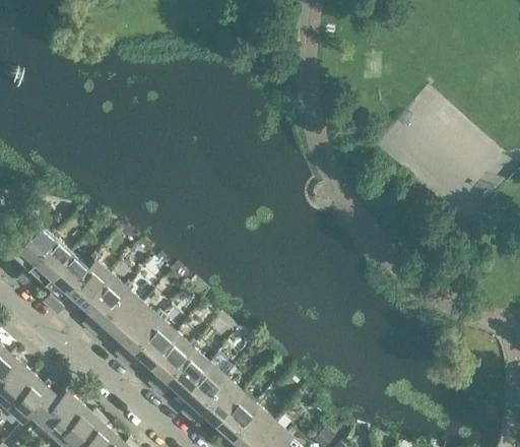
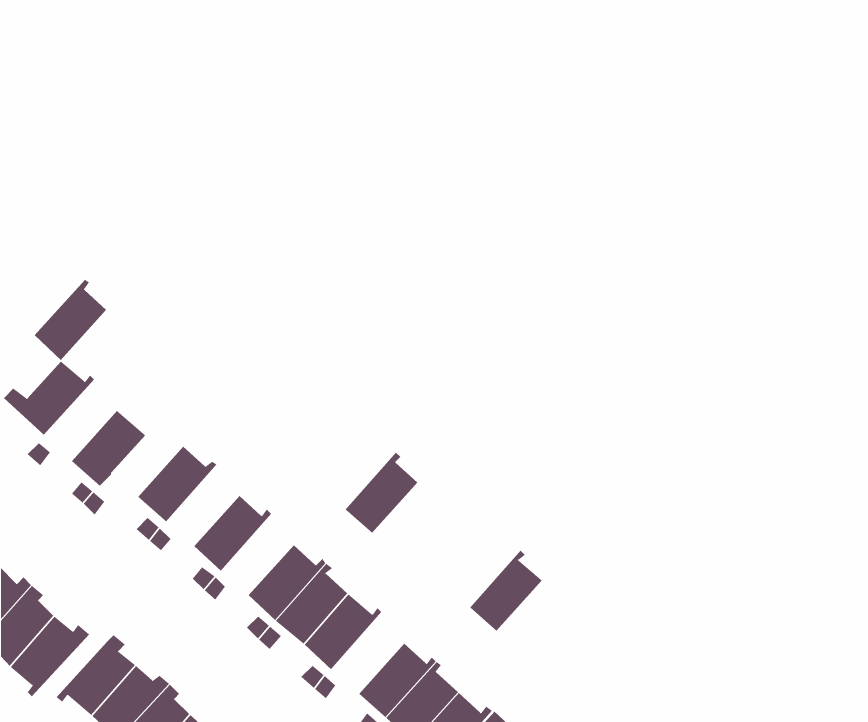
building: [26,236,70,284] -> [34,279,107,361]
building: [67,258,110,306] -> none
building: [100,286,143,335] -> none
building: [132,316,176,365] -> [345,452,418,533]
building: [198,375,242,424] -> [469,550,543,631]

